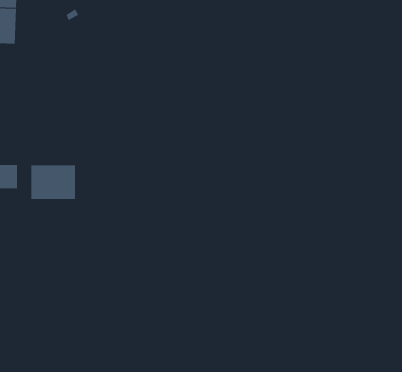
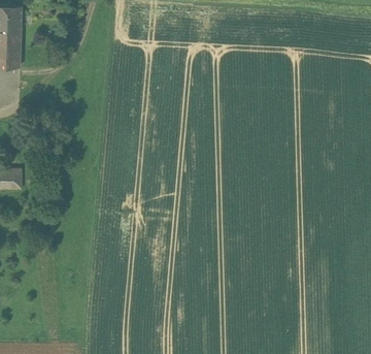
building: [31,165,75,200] -> none

